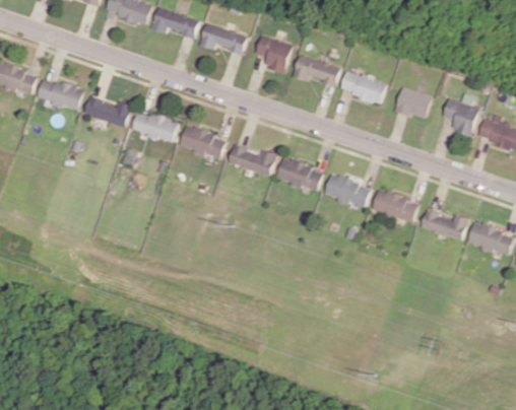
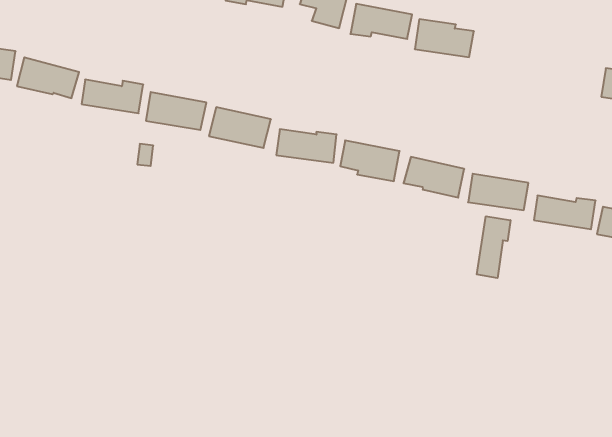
building: [394,87,431,119] -> none
building: [442,93,478,136] -> none
building: none -> [477,216,510,278]

